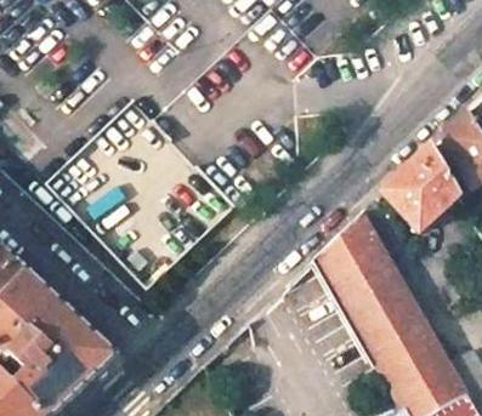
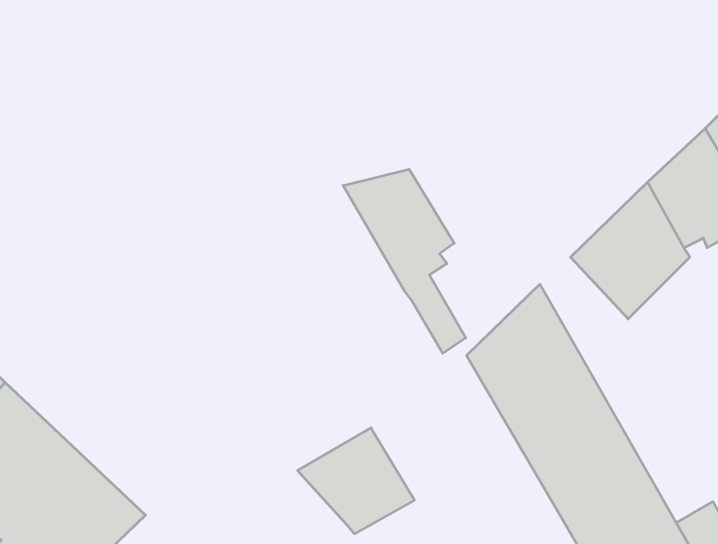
building: none -> [343,169,466,353]
building: none -> [298,428,414,534]

